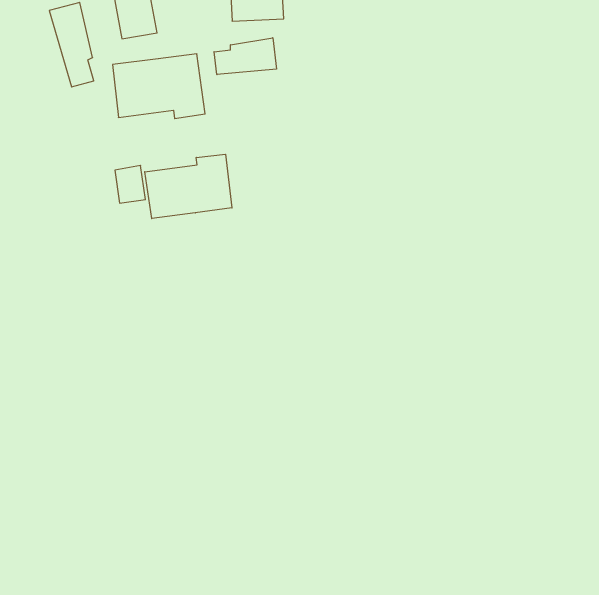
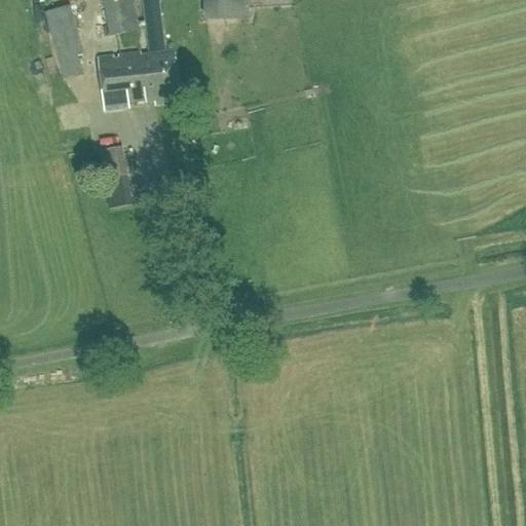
building: [214,38,276,75] -> none
building: [145,154,232,219] -> none

